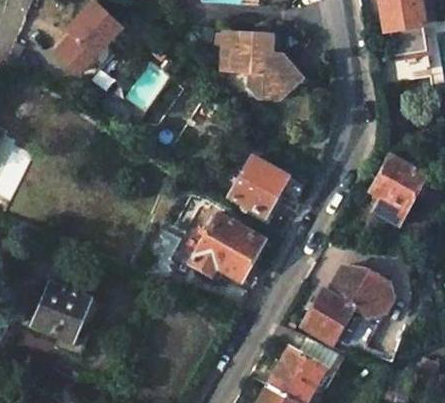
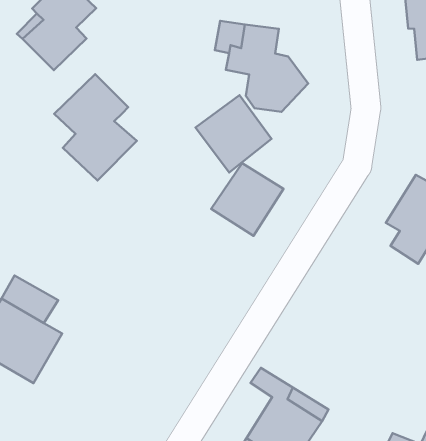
building: none -> [54,74,137,180]
building: none -> [196,95,272,172]
building: [185,211,260,281] -> none
building: [298,266,395,348] -> none

